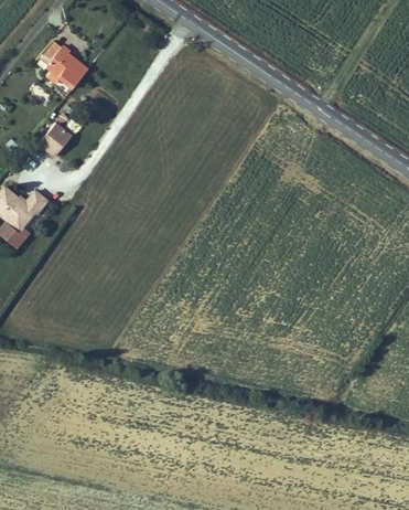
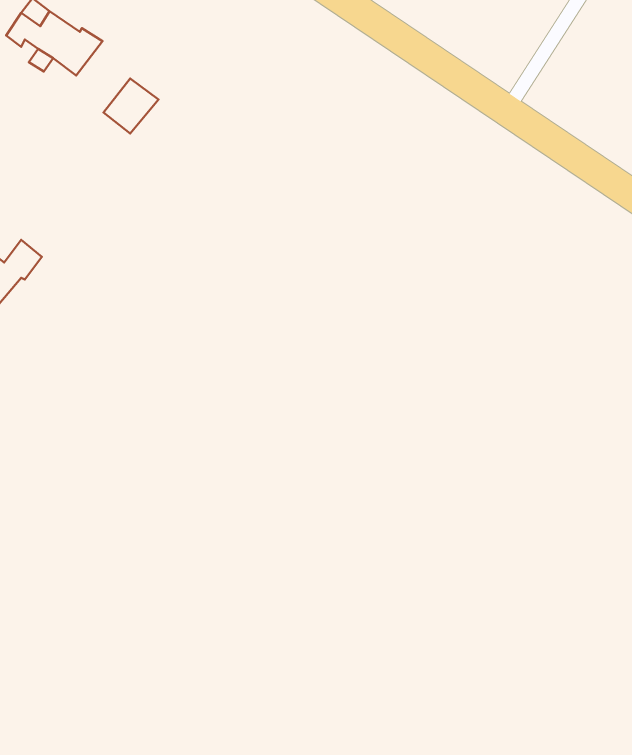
building: [43,119,75,151] -> [104,79,159,133]

